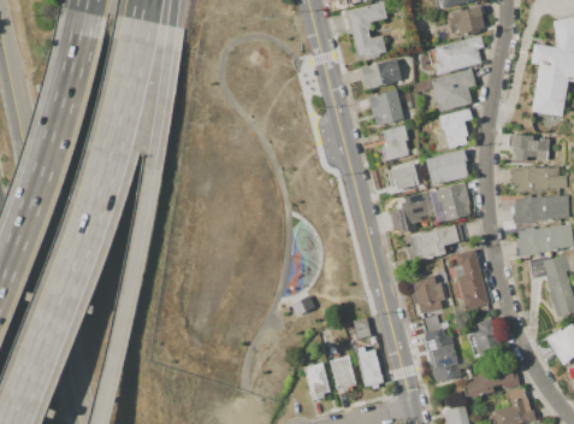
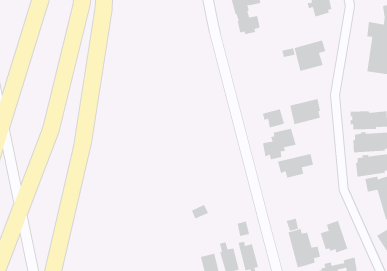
building: [428,35,485,75] -> none
building: [361,58,403,90] -> none
building: [368,89,406,126] -> none
building: [439,108,473,148] -> none
building: [383,125,410,161] -> none
building: [509,135,550,161] -> none
building: [430,182,472,222] -> none
building: [456,249,489,310] -> none
building: [412,275,448,313] -> none

